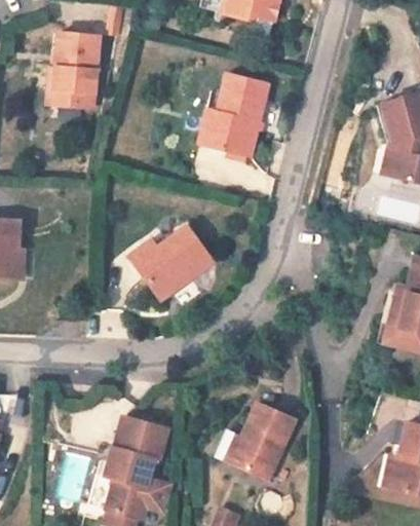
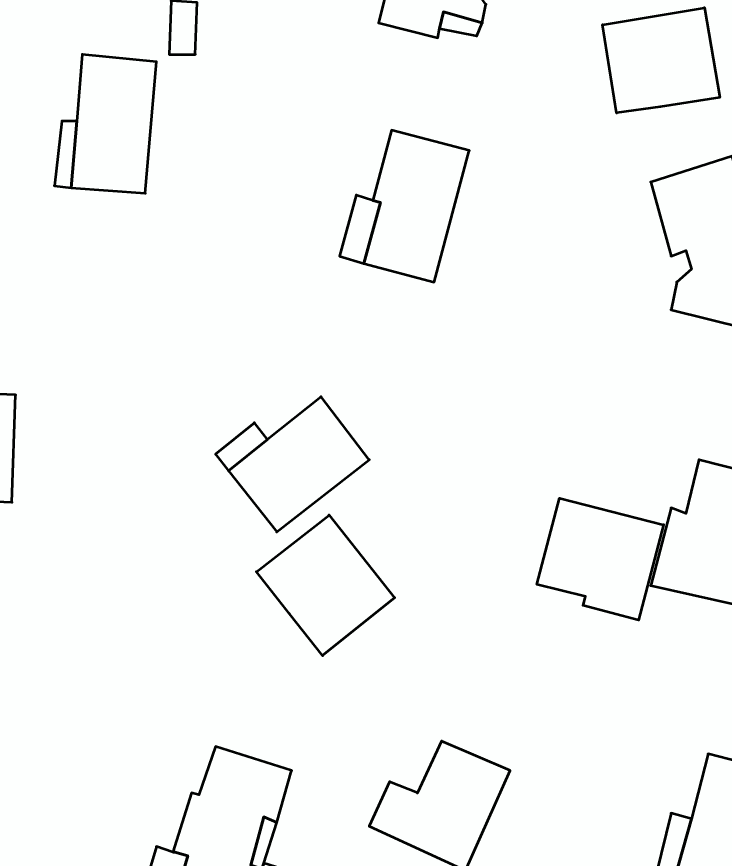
building: none -> [603,8,720,113]
building: none -> [537,498,664,620]
building: none -> [256,515,395,656]

